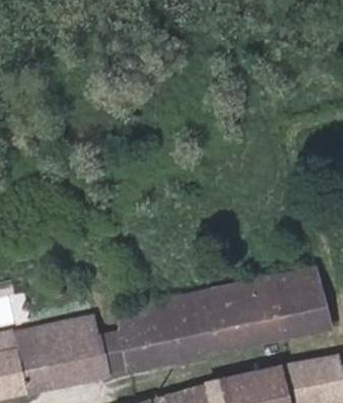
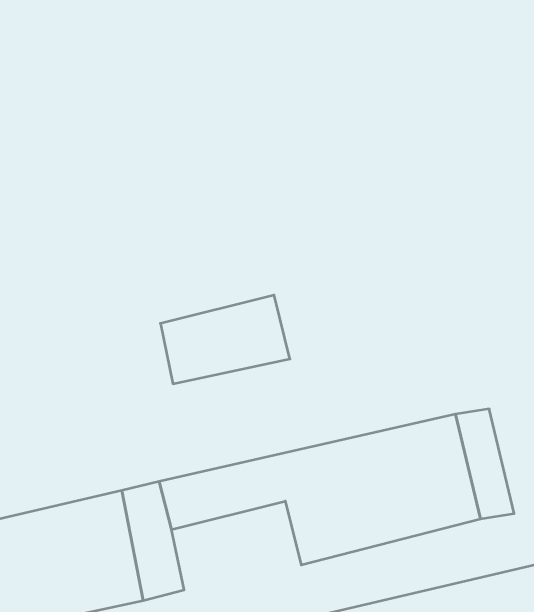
building: [130,319,205,370] -> [160,295,290,384]

